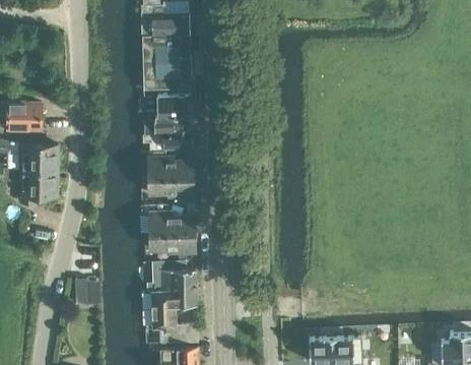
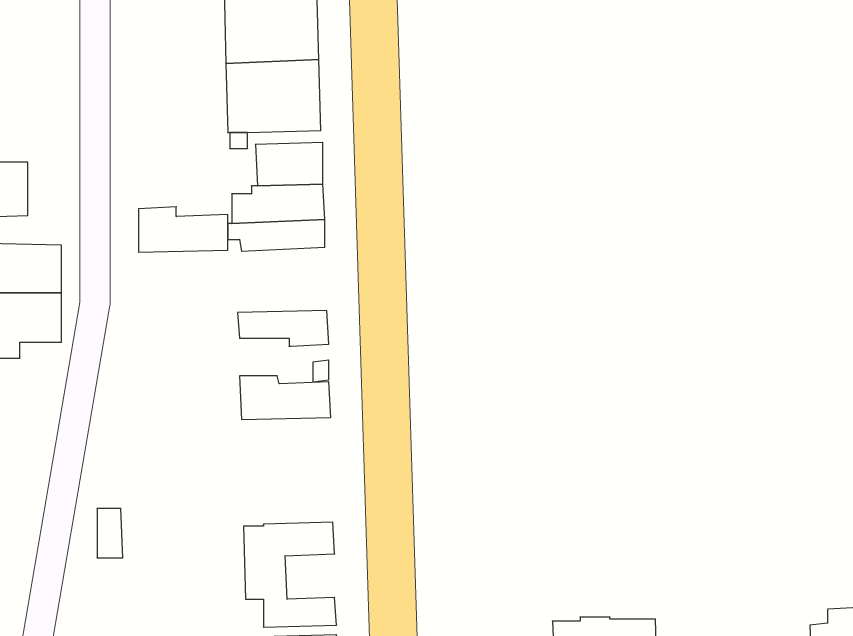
building: [147,157,193,180] -> [139,207,228,252]
building: [149,234,195,252] -> none
building: [147,259,196,290] -> none

